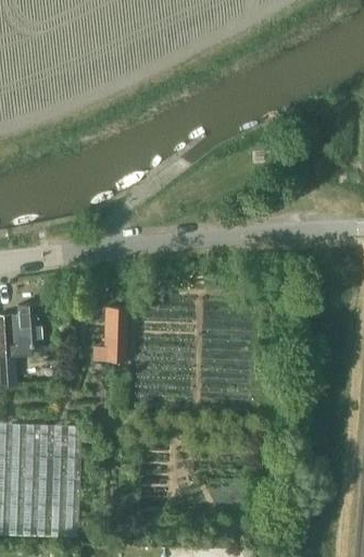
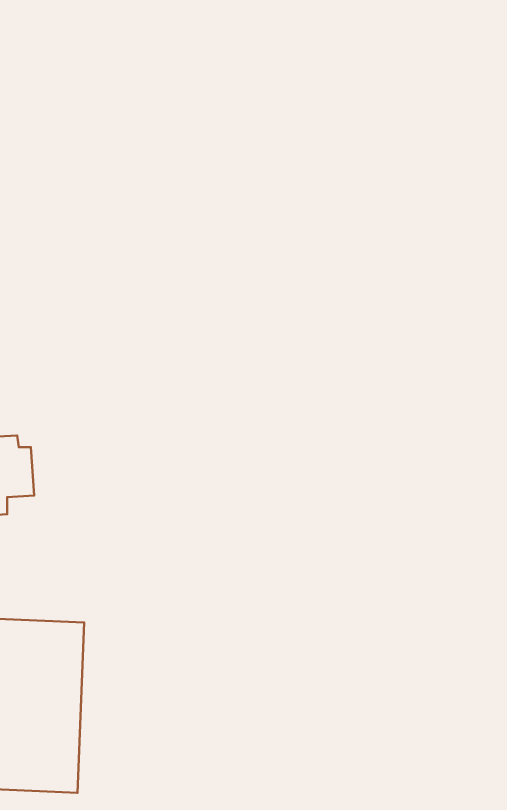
building: [102,307,126,360] -> none

